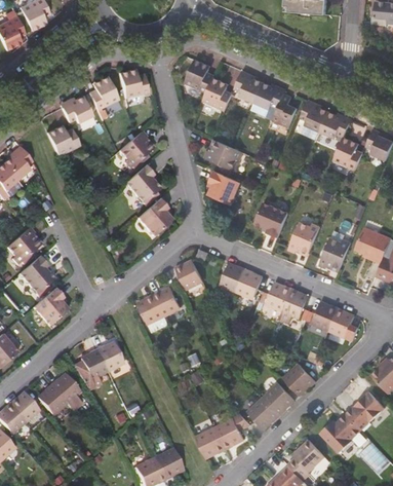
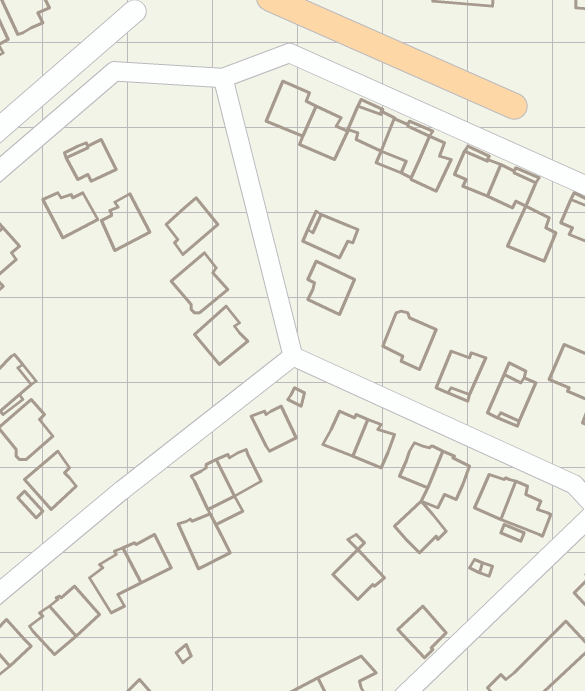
building: [117,70,148,98] -> none
building: [87,76,117,111] -> [101,194,150,250]
building: none -> [178,514,230,569]
building: [283,364,315,396] -> [394,501,446,553]
building: [248,398,280,428] -> [333,550,384,600]

